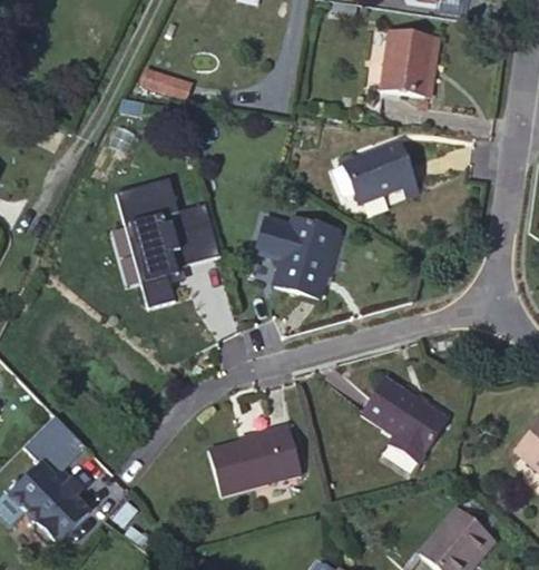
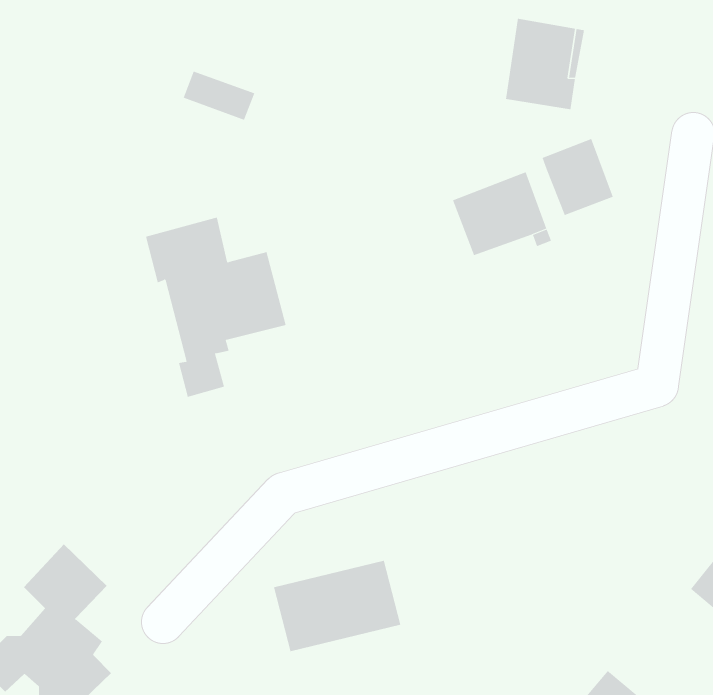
building: none -> [542,138,613,216]
building: [254,216,340,297] -> none
building: [361,376,448,463] -> none

